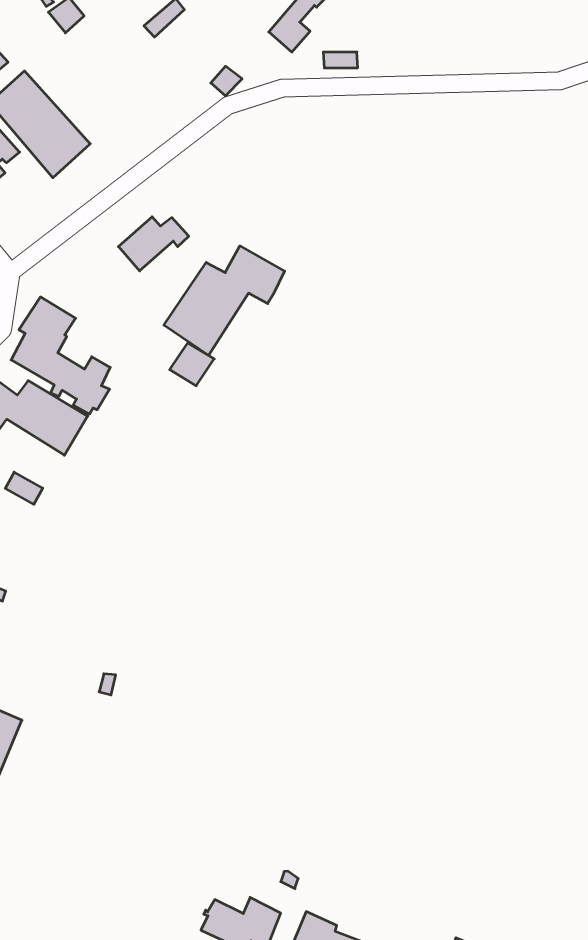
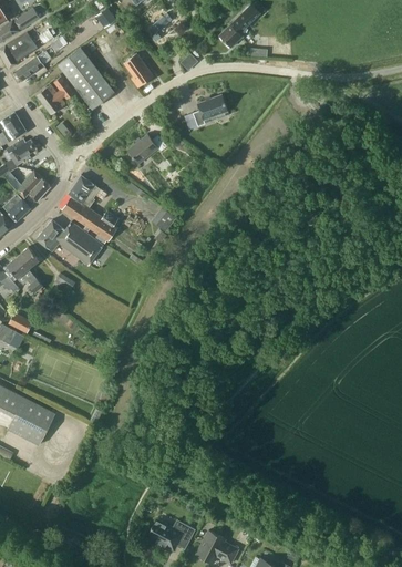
building: none -> [123,53,153,89]
building: none -> [192,95,227,127]
building: [164,246,285,355] -> none

